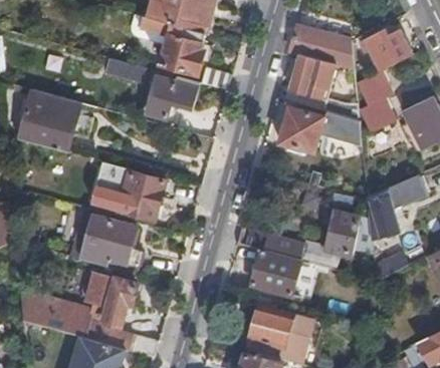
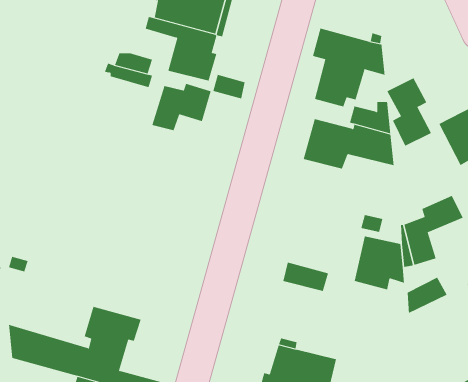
building: [364,29,411,71] -> none
building: [16,89,91,151] -> none
building: [105,171,164,221] -> none
building: [80,216,141,274] -> none
building: [251,251,301,296] -> none

